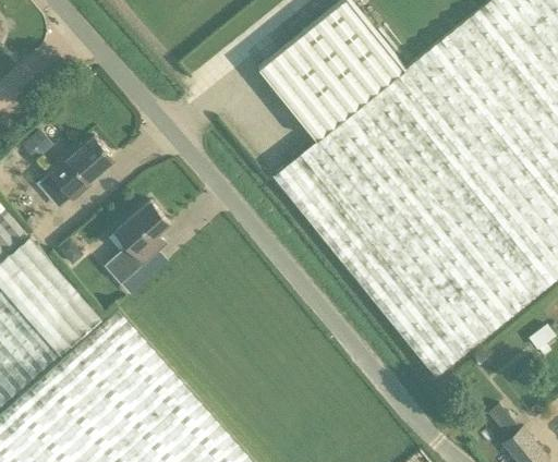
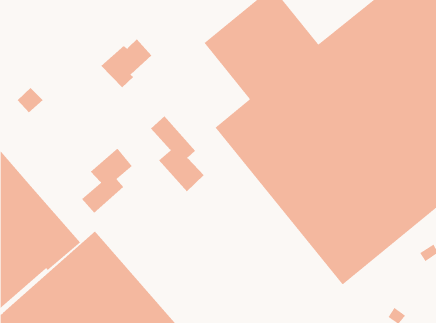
building: [47,138,112,202] -> [101,38,152,88]
building: none -> [150,116,204,192]

